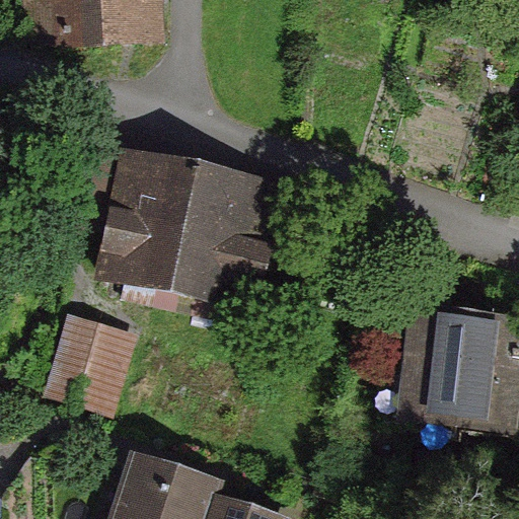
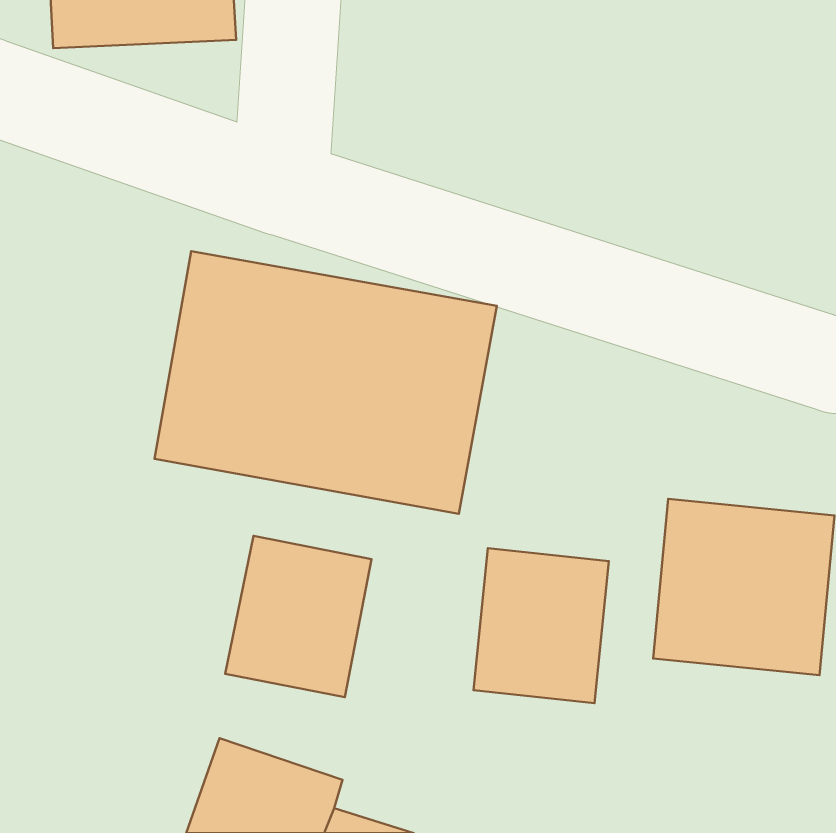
building: [43,314,132,413] -> [225,536,371,697]
building: none -> [474,548,609,703]

